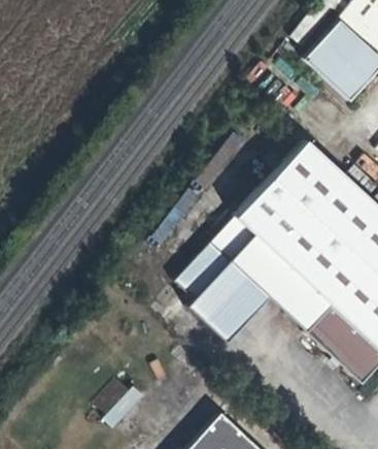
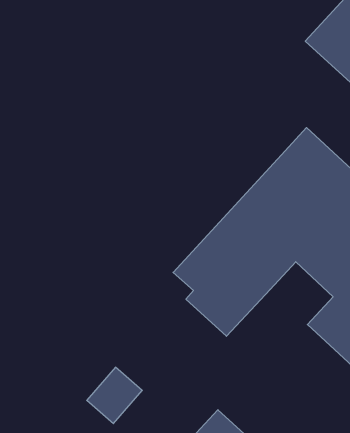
building: [272,270,333,331] -> none

